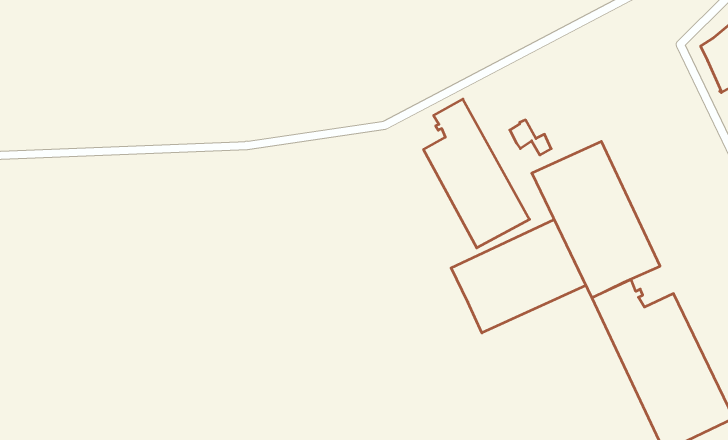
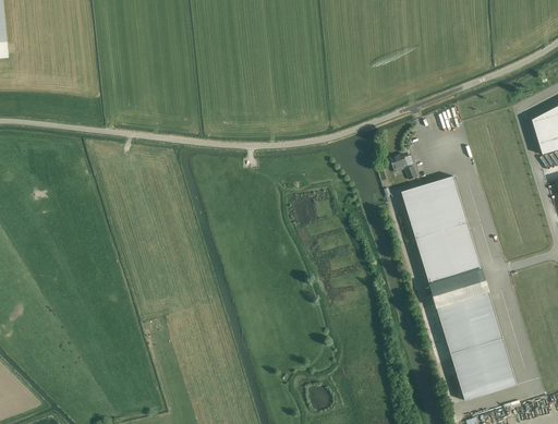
building: [424,99,530,248] -> none
building: [451,220,586,333] -> none

